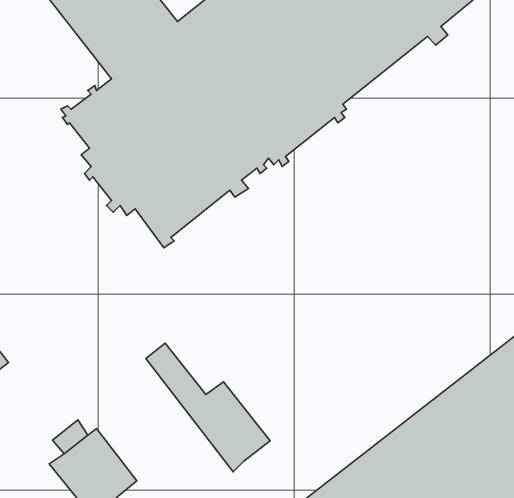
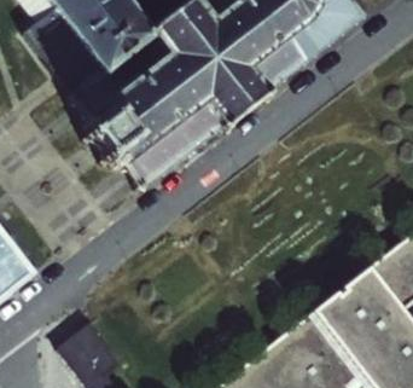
building: [146,343,270,472] -> none

